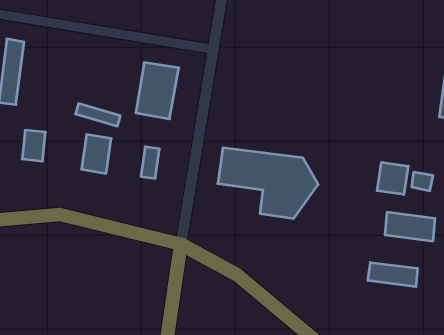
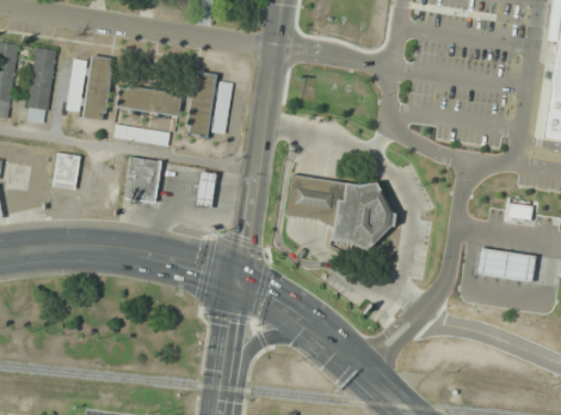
building: none -> [68,56,113,120]
building: none -> [117,85,183,118]
building: [377,162,408,195] -> none
building: [368,262,418,287] -> none

